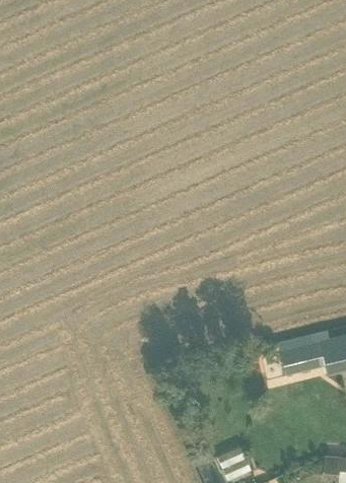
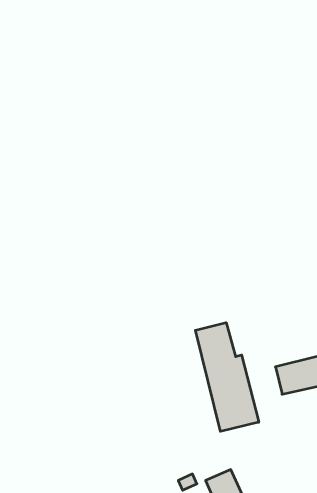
building: none -> [195,323,259,431]

